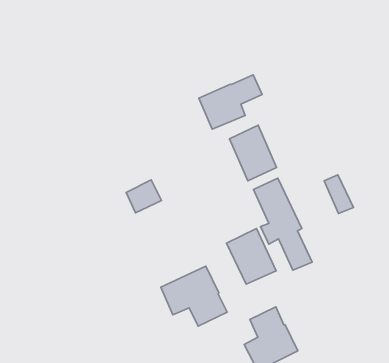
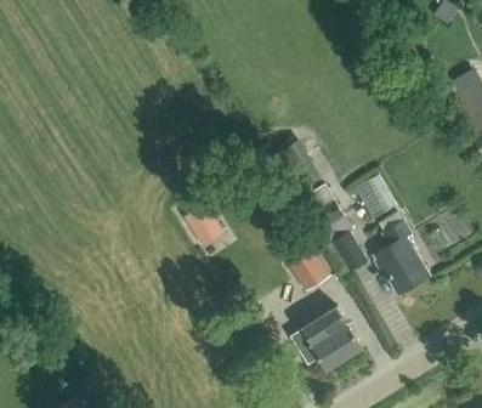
building: [199,75,262,129] -> none
building: none -> [374,214,429,293]
building: [161,266,227,326] -> none

